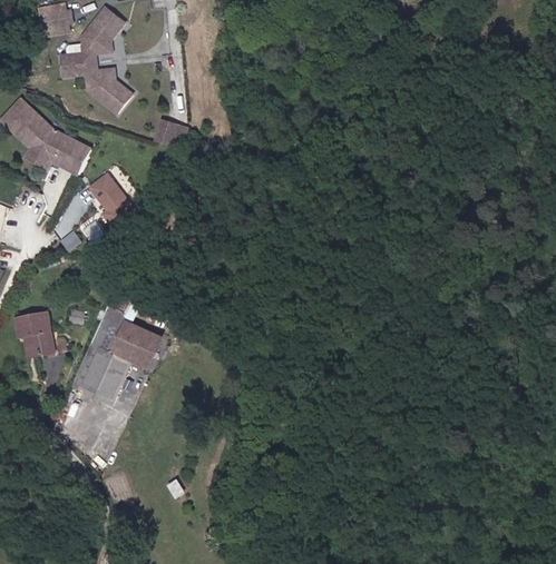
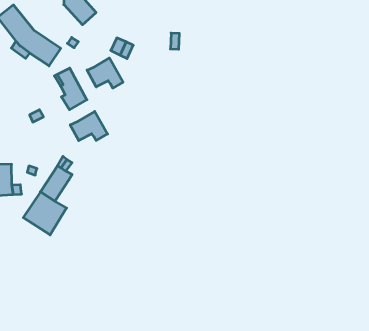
building: none -> [87,58,123,88]
building: none -> [70,111,108,141]
building: [114,321,157,364] -> none

